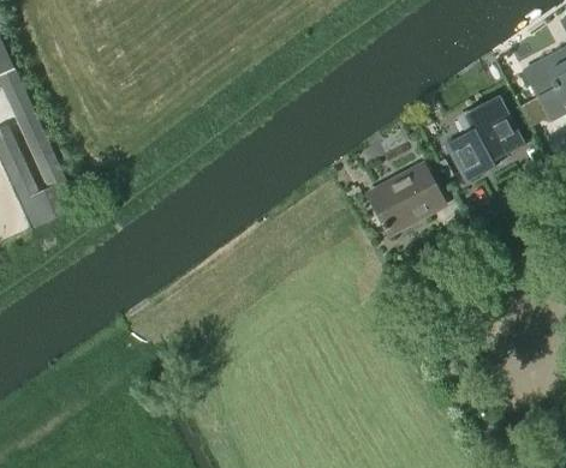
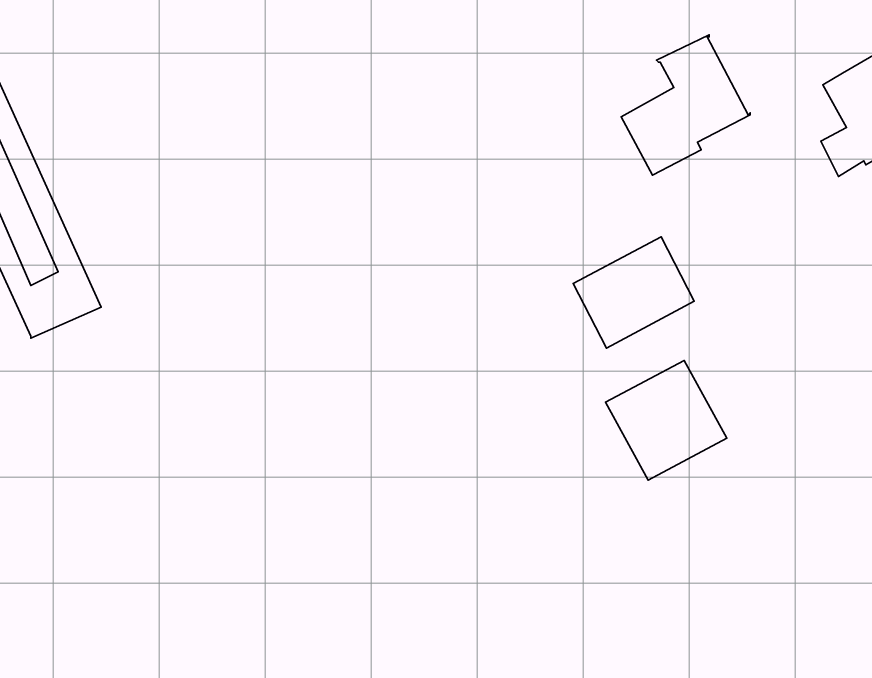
building: [445,94,524,180] -> [621,35,750,175]
building: none -> [605,360,727,480]

